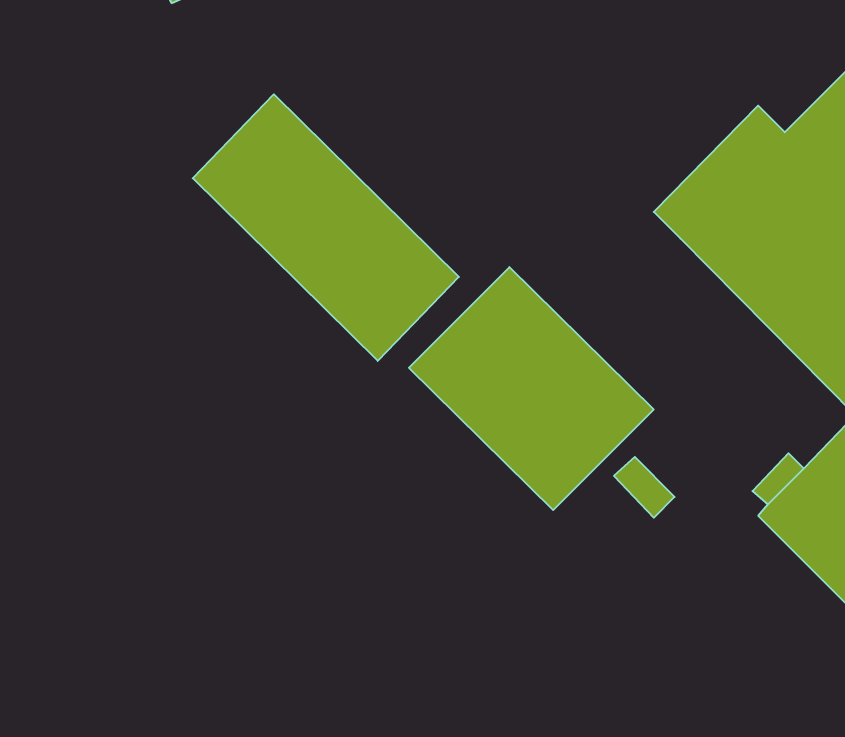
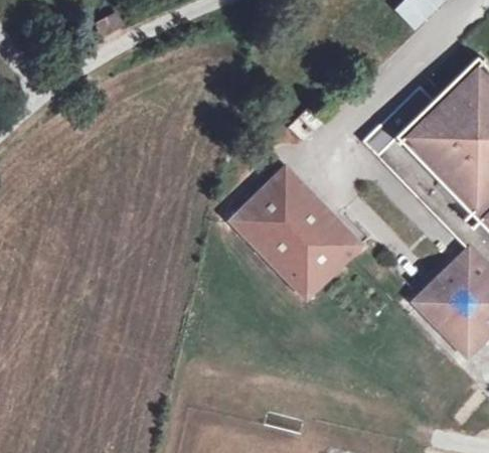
building: [193,94,459,361] -> none

